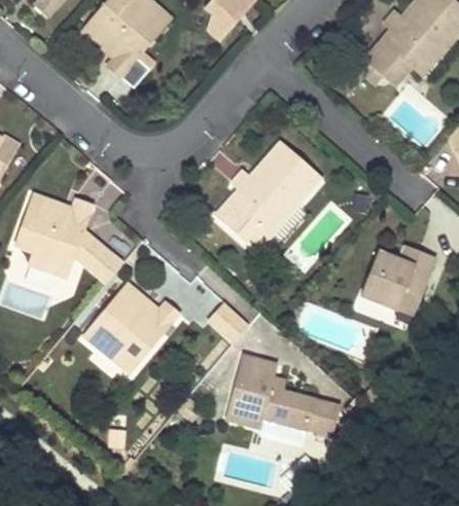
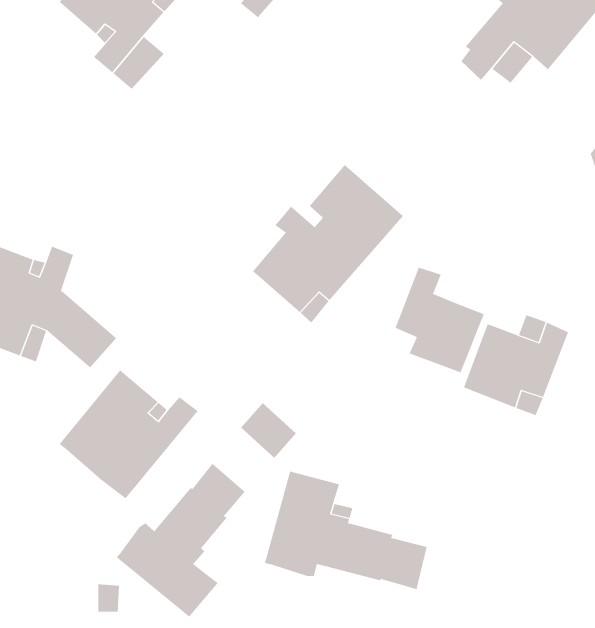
building: none -> [395,267,484,373]
building: none -> [116,463,246,618]

